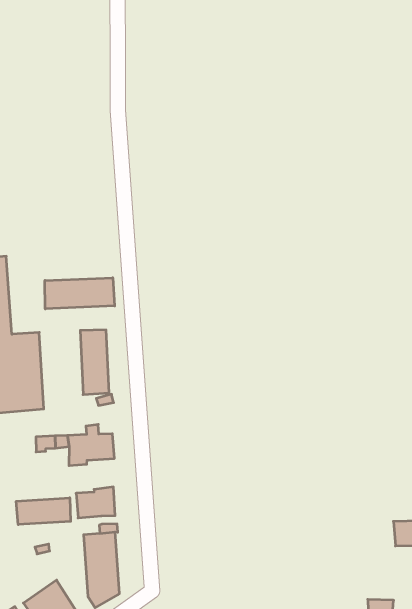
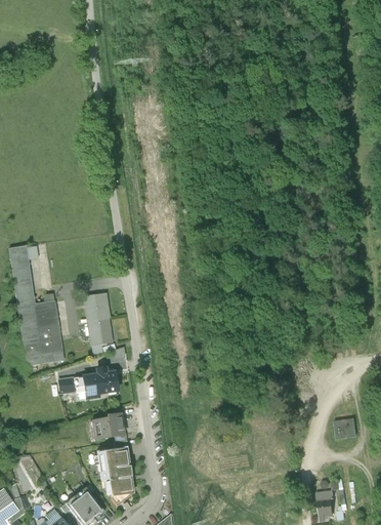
building: [45,278,115,309] -> none
building: [16,498,71,525] -> none

